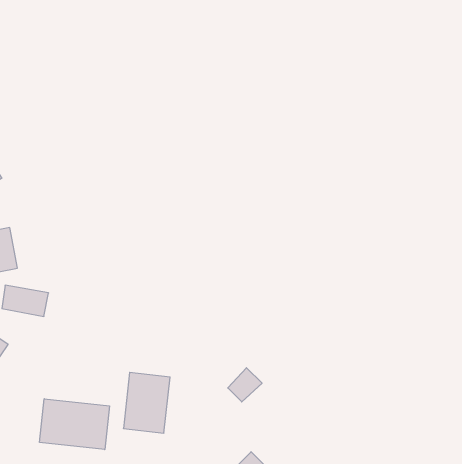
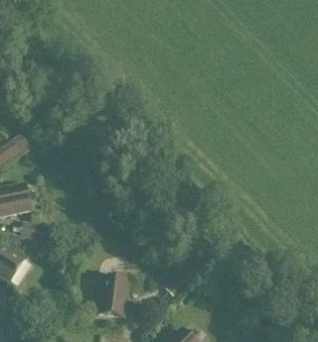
building: [40,399,109,450] -> none

